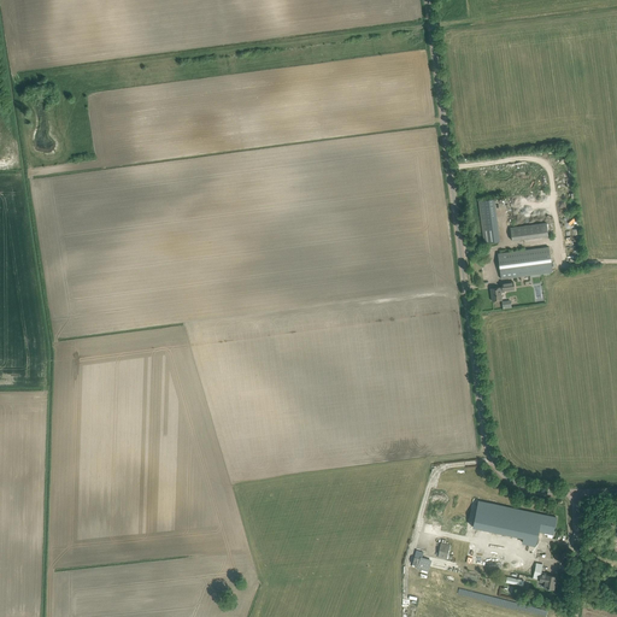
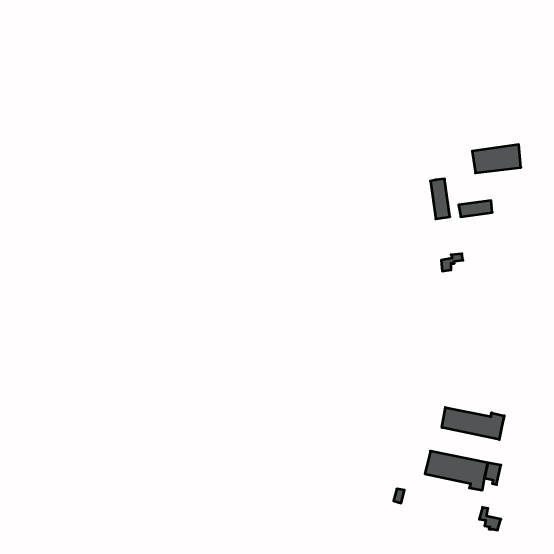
building: [498,247,552,278] -> [472,145,521,173]
building: none -> [442,407,504,440]

